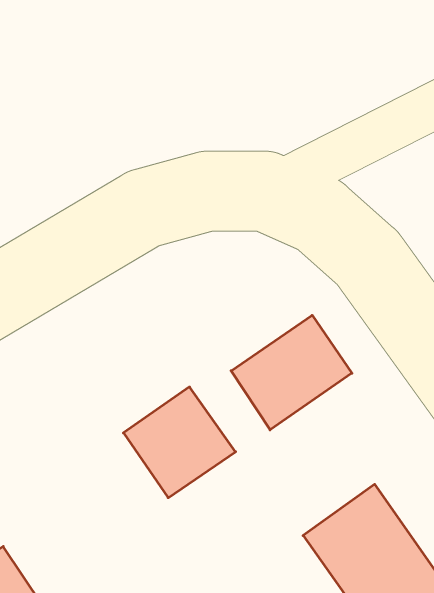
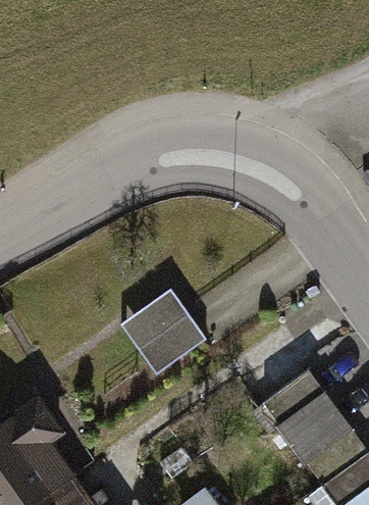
building: [231,315,352,430] -> none

